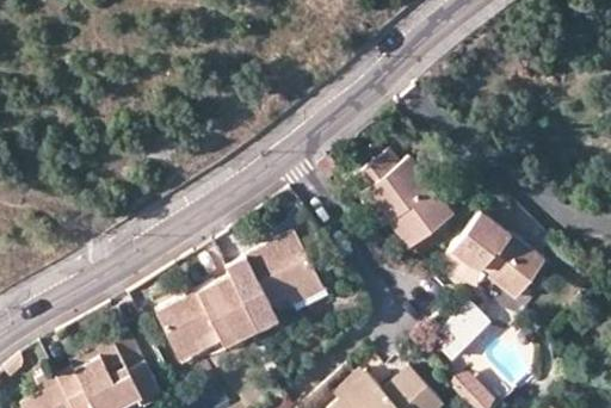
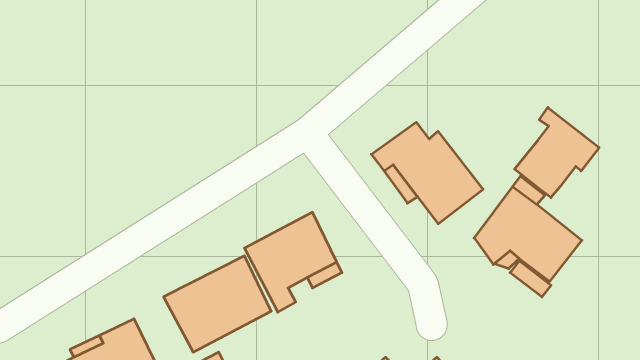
building: none -> [515,107,599,198]
building: [437,305,490,359] -> none

